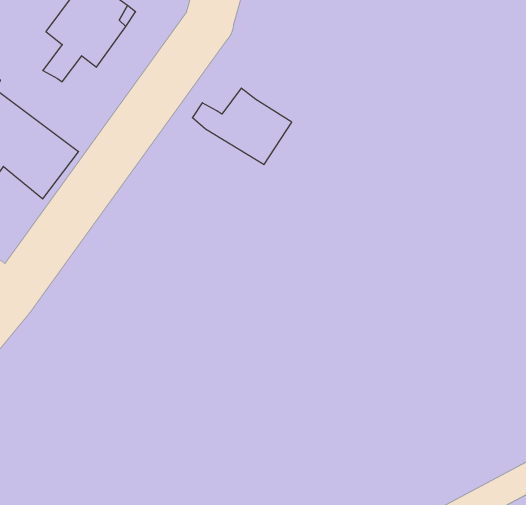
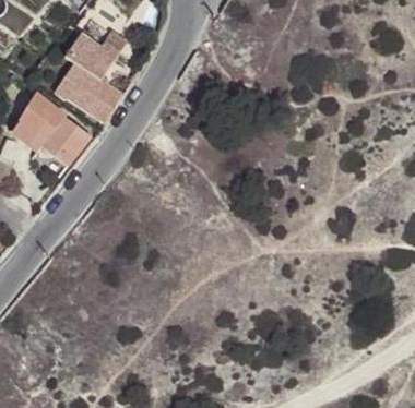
building: [192,88,292,165] -> [58,70,124,121]

